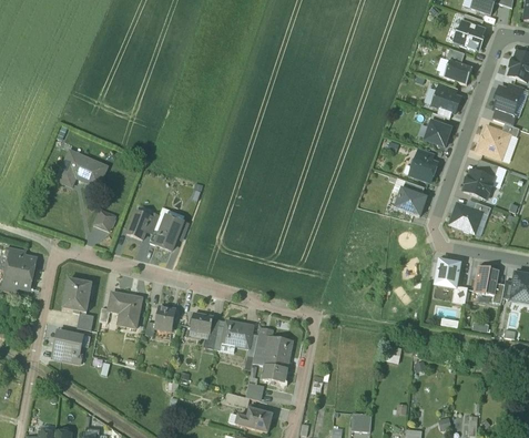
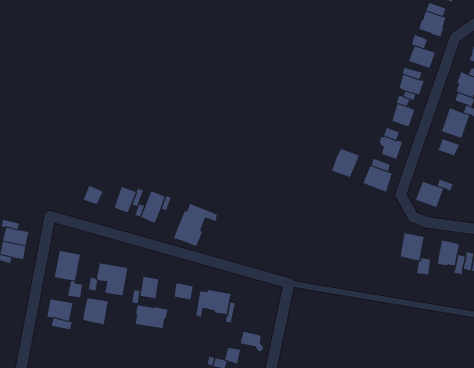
building: [57,150,106,186] -> none
building: none -> [331,148,360,178]
building: [464,170,492,197] -> none
building: none -> [173,203,218,247]
building: [258,327,292,369] -> none
building: none -> [83,297,108,325]
building: none -> [135,305,168,329]

